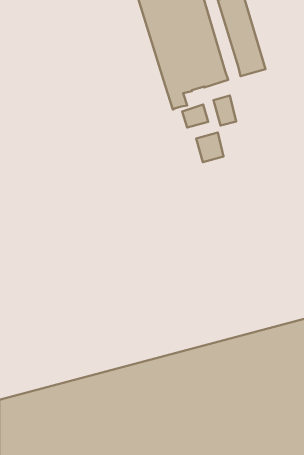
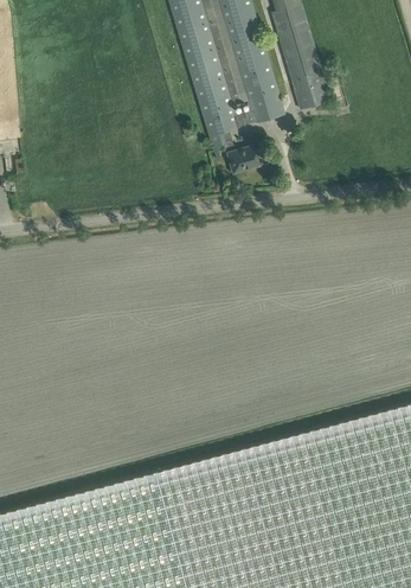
building: [213,95,236,125] -> none
building: [196,133,223,162] -> none

